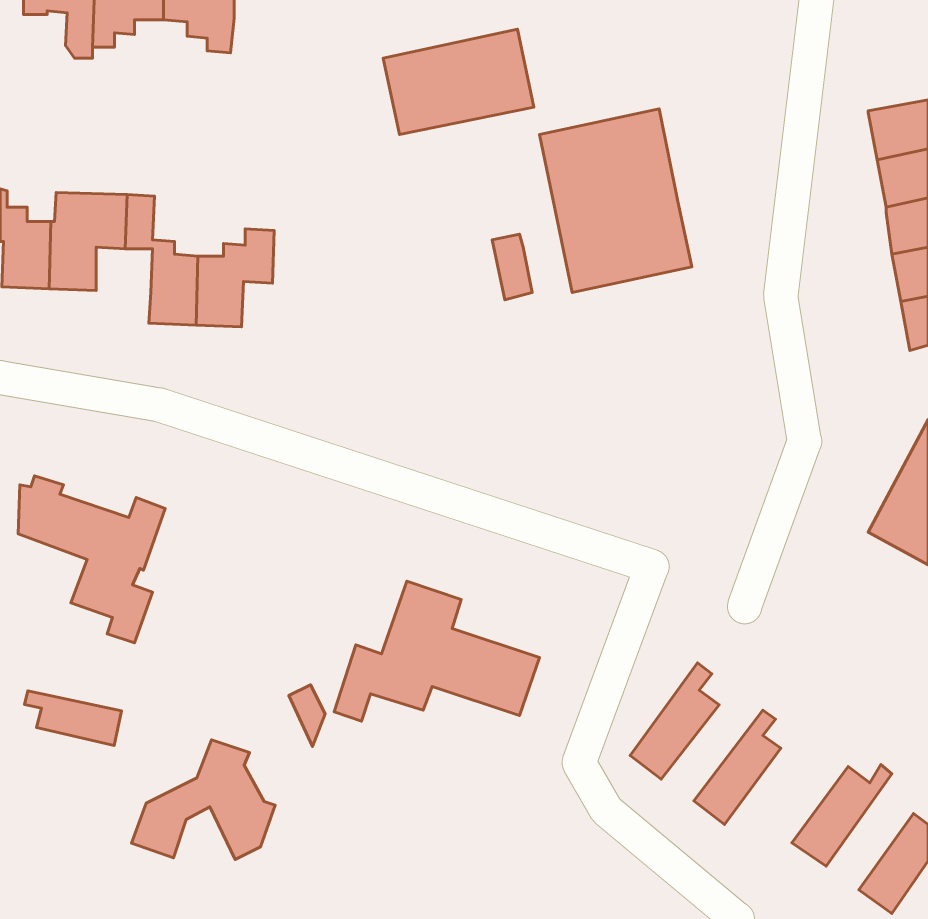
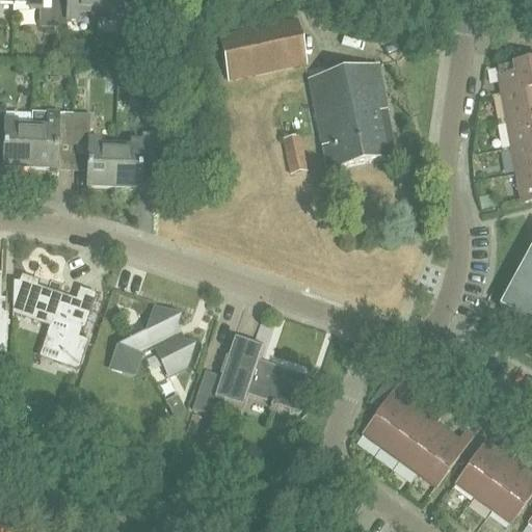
building: [25,691,122,745] -> none
building: none -> [378,401,436,458]
building: [132,740,275,860] -> [109,307,191,375]
building: none -> [415,428,473,486]
building: none -> [473,443,523,509]

